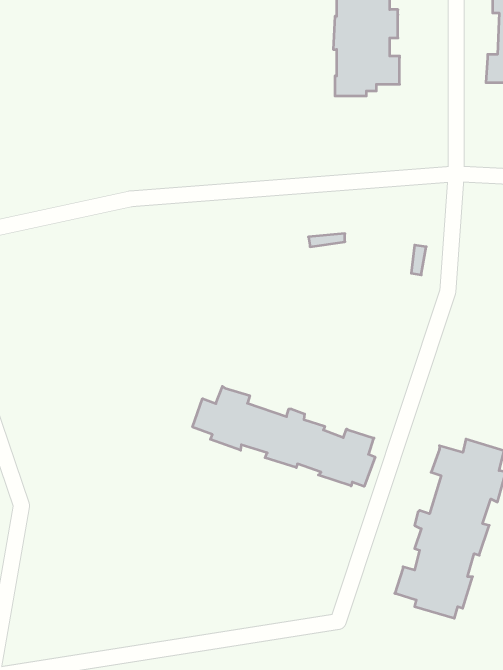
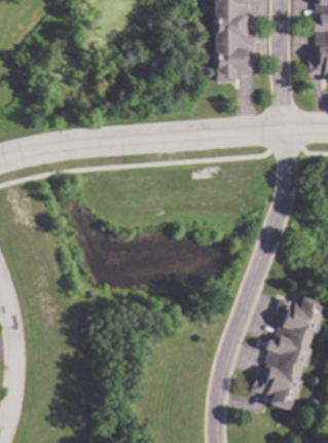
building: [193,386,375,486] -> none

